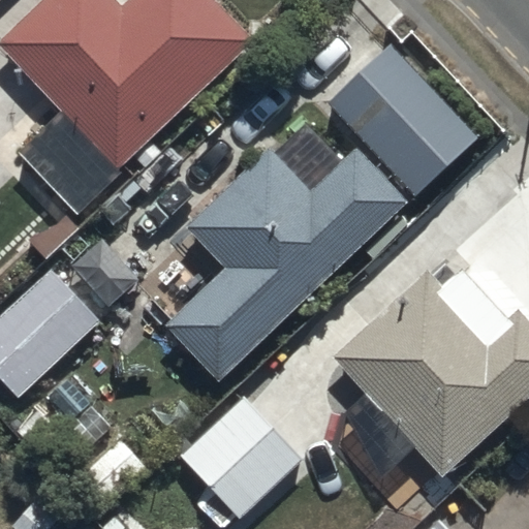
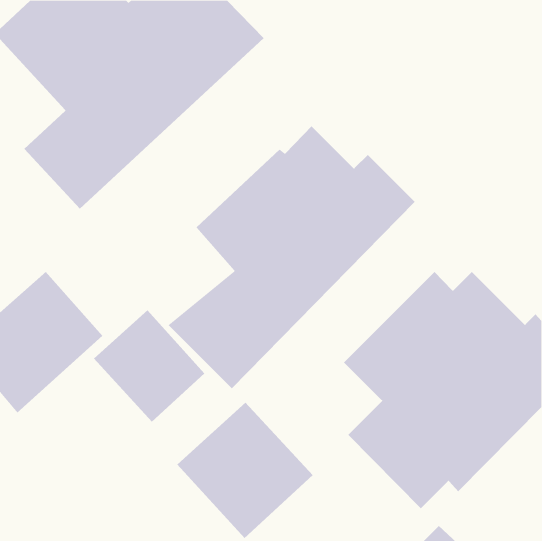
building: [329,42,478,194] -> none
building: none -> [93,309,205,423]

